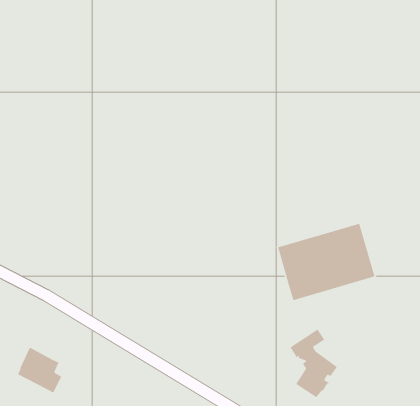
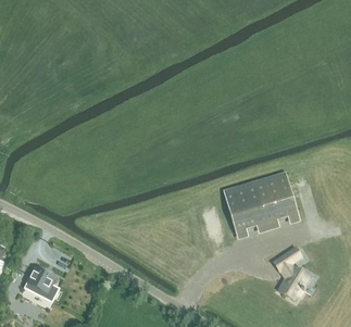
building: [289,329,338,398] -> [274,248,311,301]

